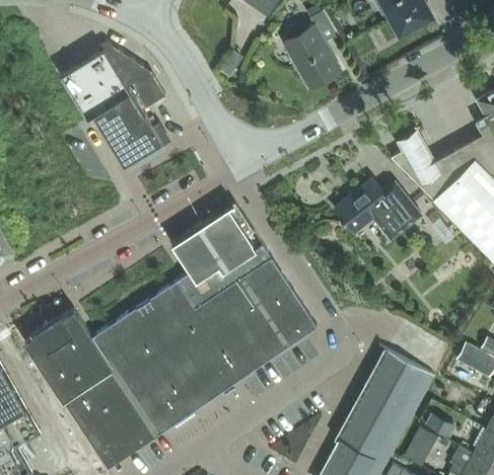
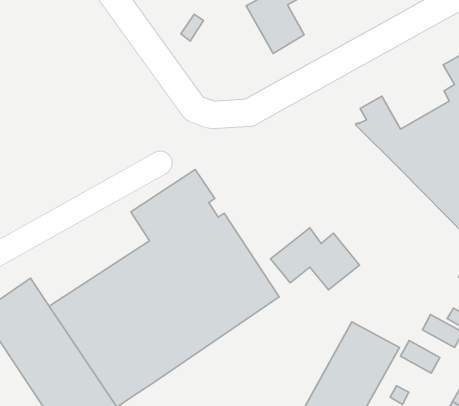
building: [61,44,165,167] -> none
building: [334,180,421,241] -> [270,228,360,290]
building: none -> [400,341,440,373]

